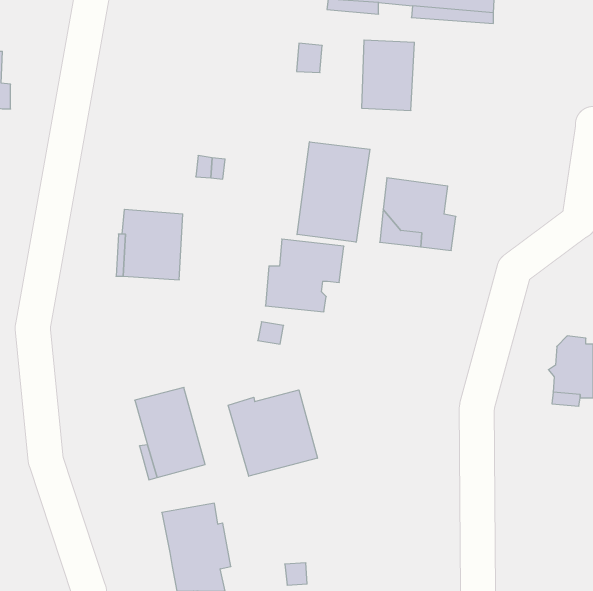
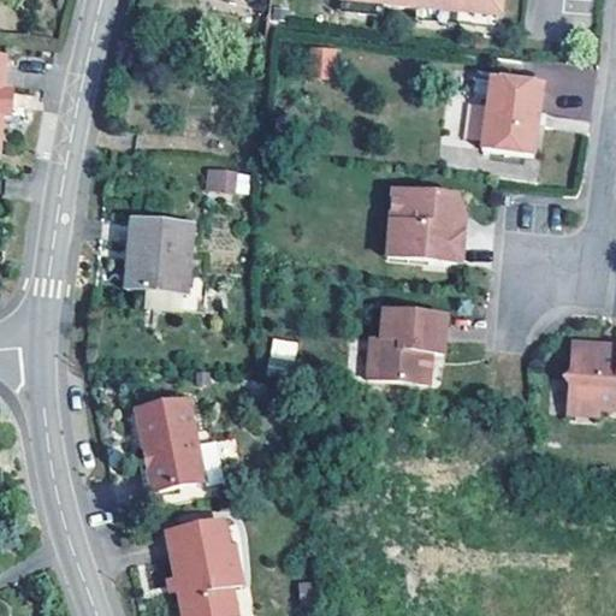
building: [362,40,414,110] -> [488,79,543,152]
building: [297,142,370,242] -> none
building: [265,239,344,312] -> [367,303,448,378]
building: [228,390,317,476] -> none

